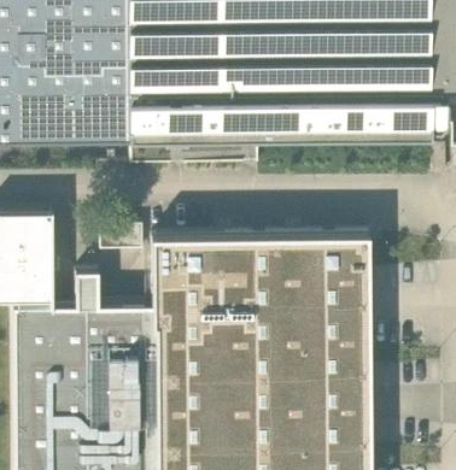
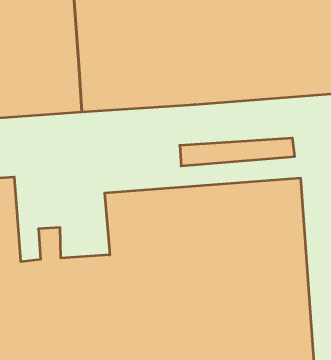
building: [131,140,258,163] -> [180,138,295,166]

